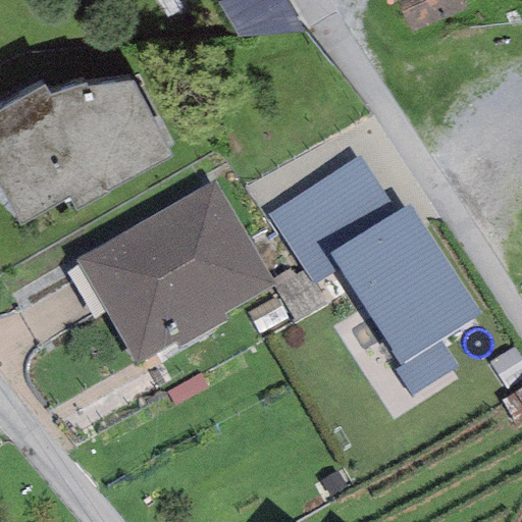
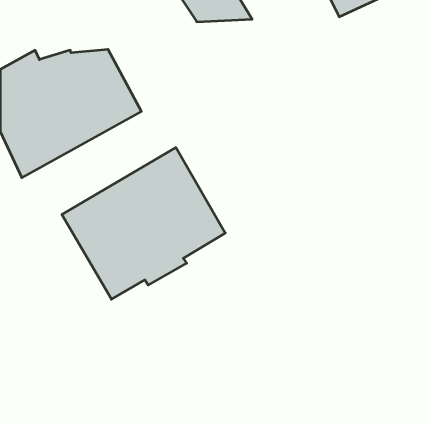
building: [269,157,479,393] -> none

